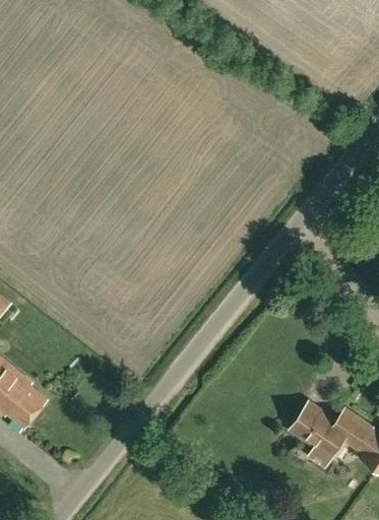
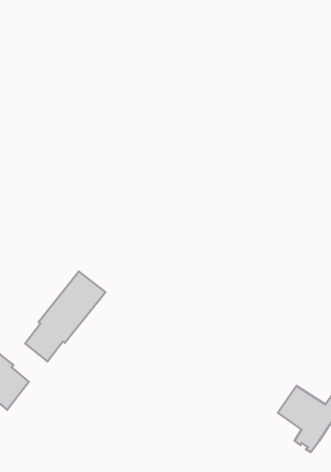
building: none -> [25,271,105,362]

